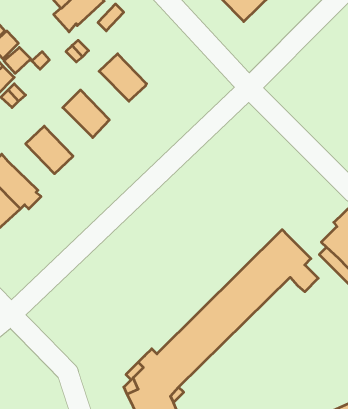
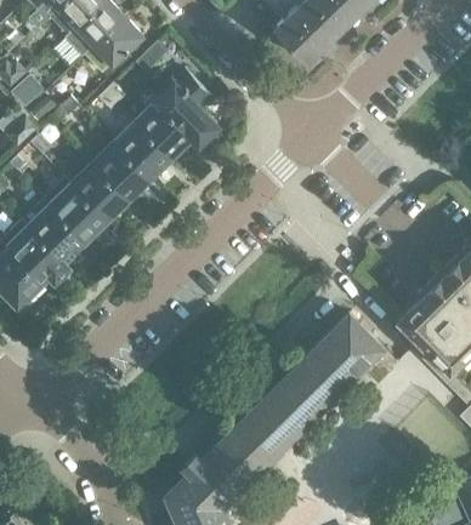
building: none -> [158,68,221,144]
building: none -> [118,121,175,178]
building: none -> [75,164,132,221]
building: none -> [33,198,87,261]

